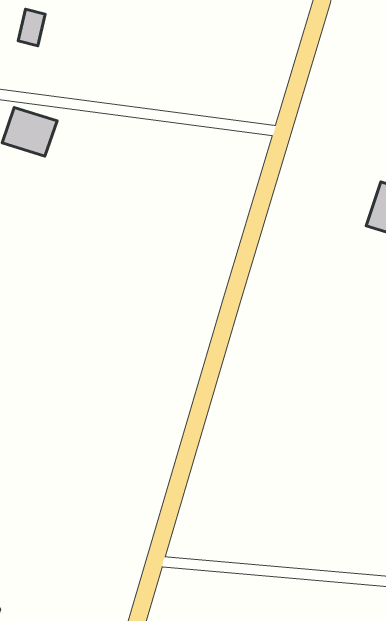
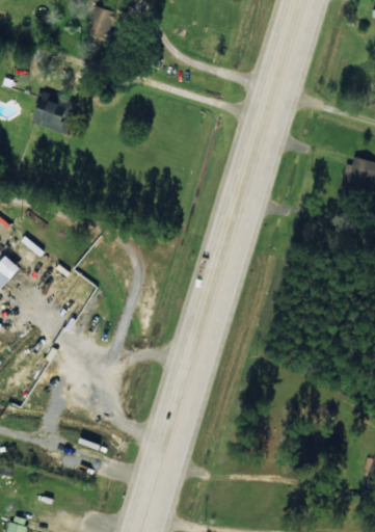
building: [18,9,45,46] -> [88,7,111,38]

